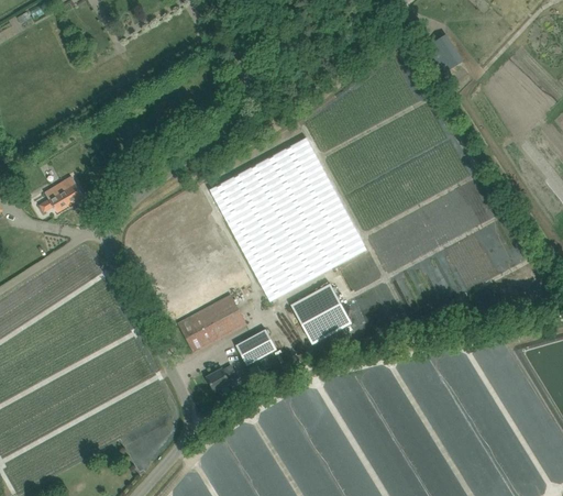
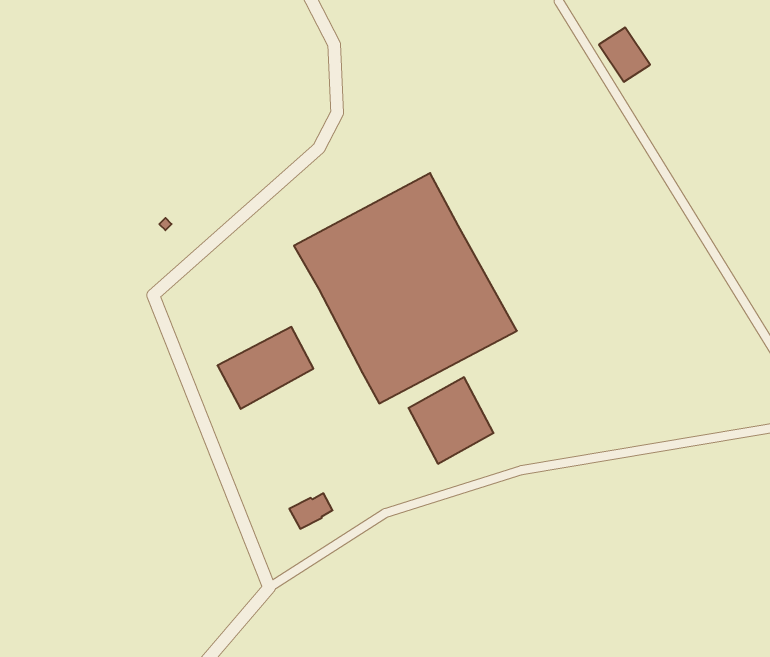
building: [44,177,82,212] -> none
building: [177,295,245,353] -> [217,327,313,409]
building: [235,328,276,365] -> none

